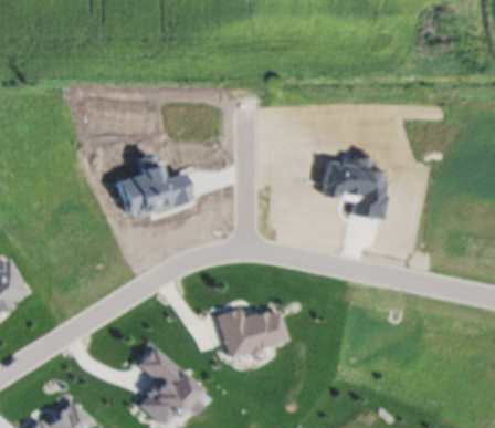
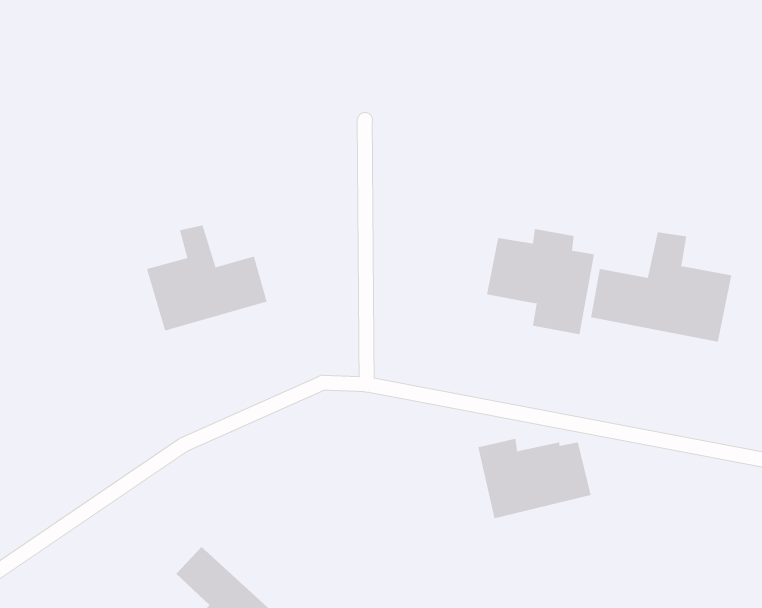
building: none -> [590,232,732,342]
building: [217,309,285,357] -> [477,438,591,519]

